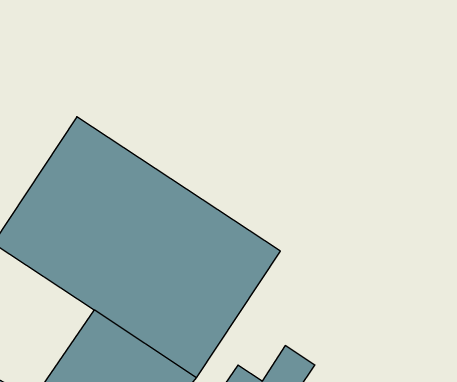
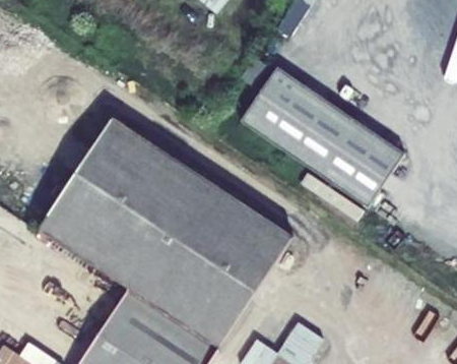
building: none -> [241,68,405,209]

